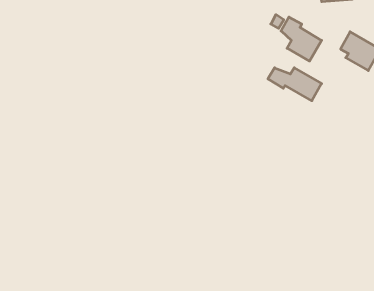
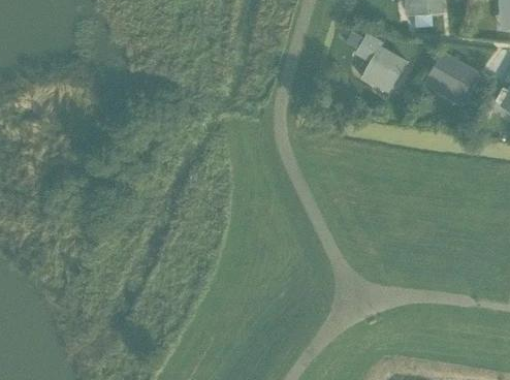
building: [268,68,322,101] -> none

